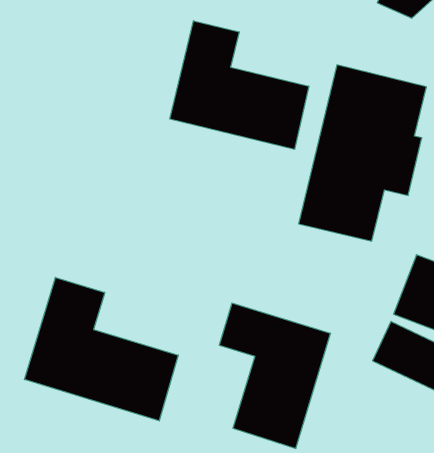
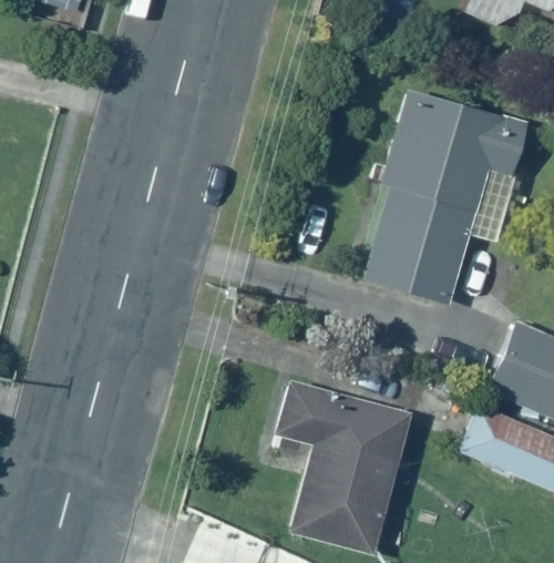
building: [170,21,309,149] -> none
building: [24,277,178,421] -> none

